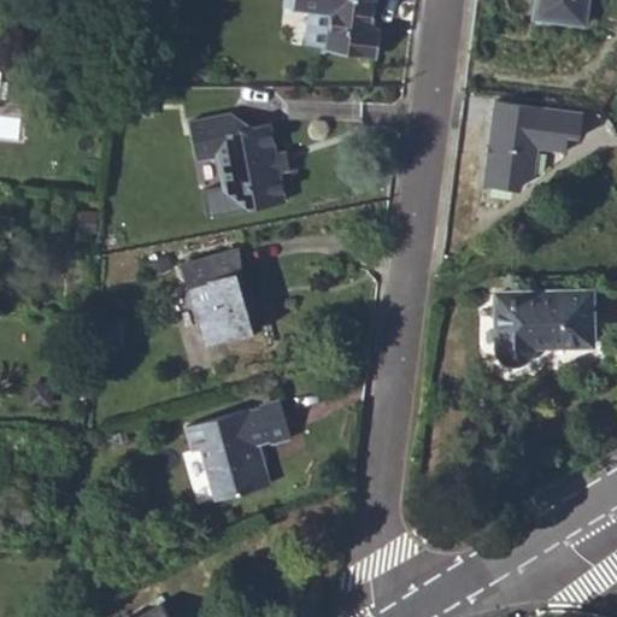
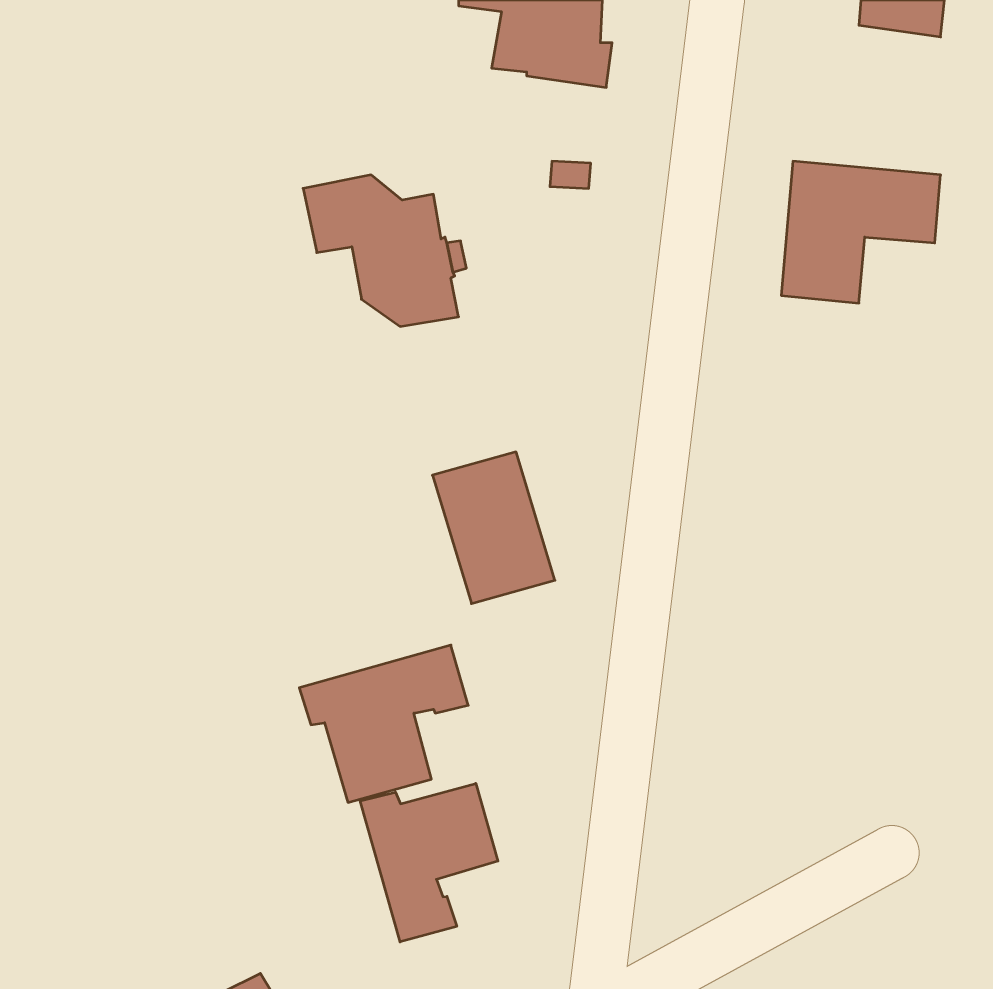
building: [183,249,259,343] -> [432,452,555,604]
building: [496,292,592,363] -> none
building: none -> [360,783,498,942]

